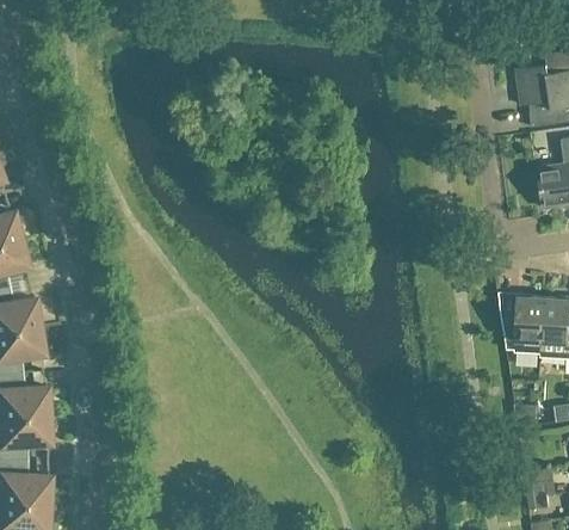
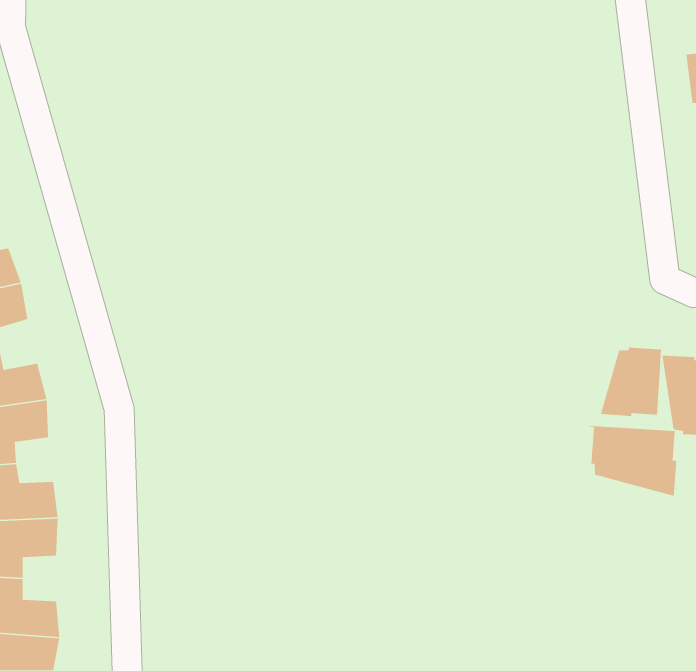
building: none -> [600,345,662,417]
building: none -> [588,425,677,497]

